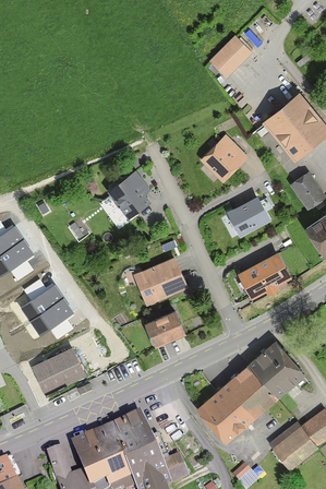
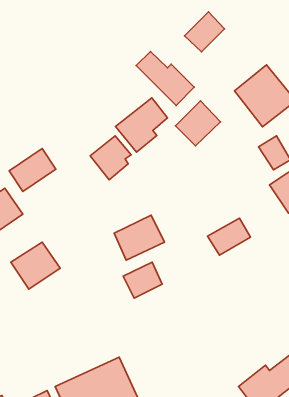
building: none -> [136,51,194,105]
building: none -> [116,98,168,152]
building: none -> [9,149,56,192]
building: [230,198,273,237] -> none
building: [194,338,305,444] -> none
building: [21,347,84,398] -> none

